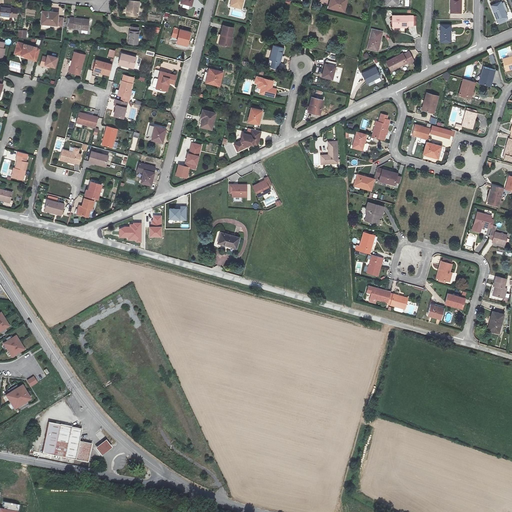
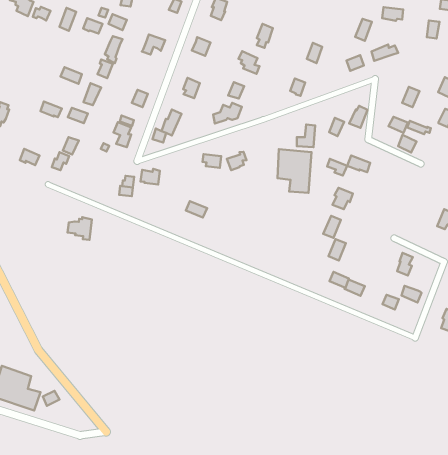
building: none -> [277,149,311,193]
building: [118,221,141,243] -> [68,217,92,240]

